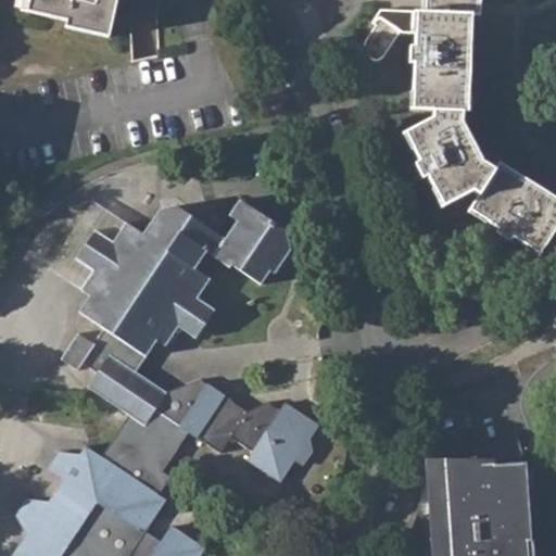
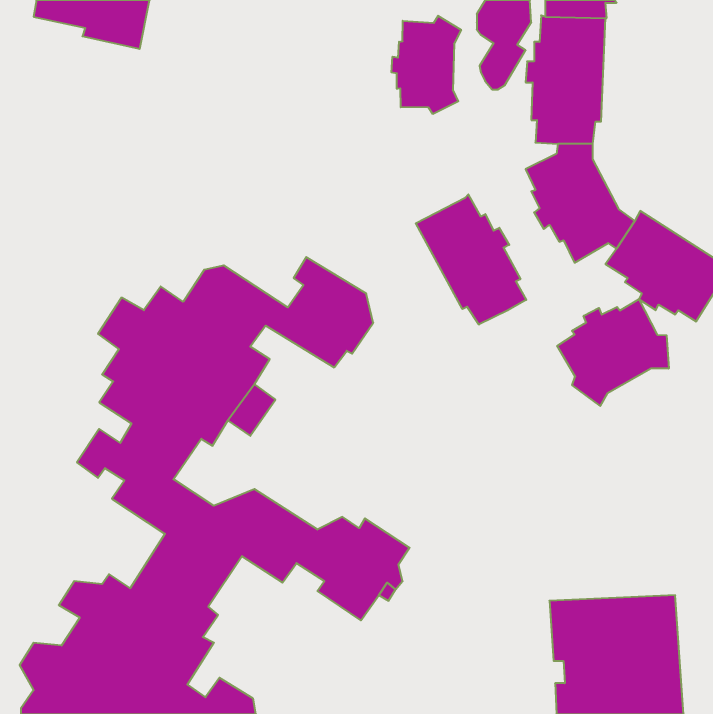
building: none -> [391,16,461,114]
building: none -> [416,194,526,325]
building: none -> [557,299,669,406]

